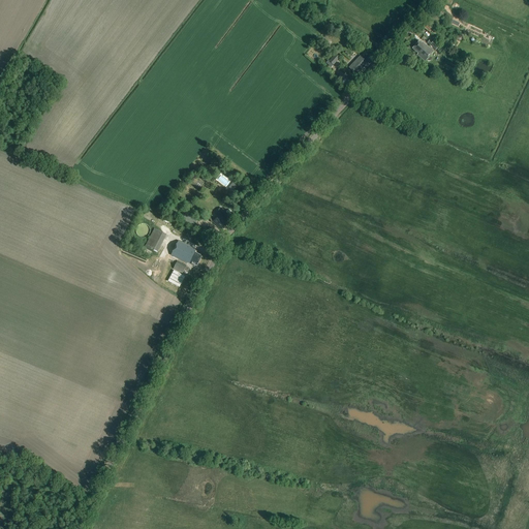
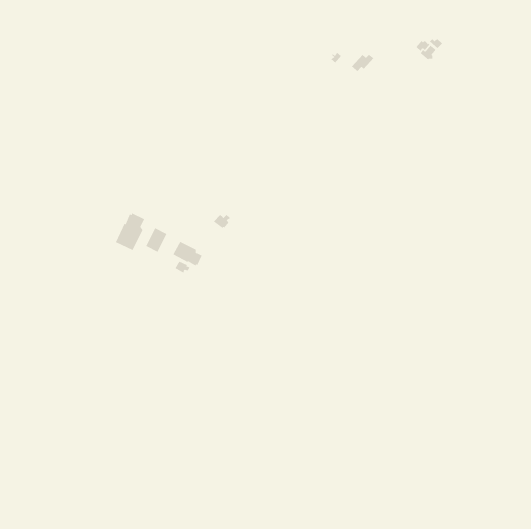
building: none -> [115,212,145,251]

